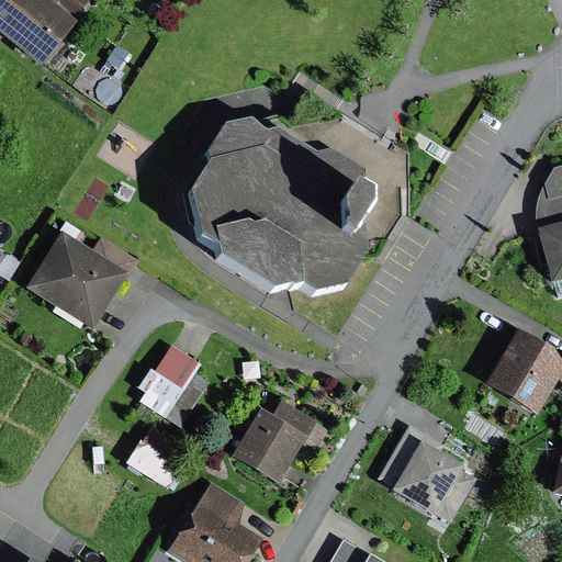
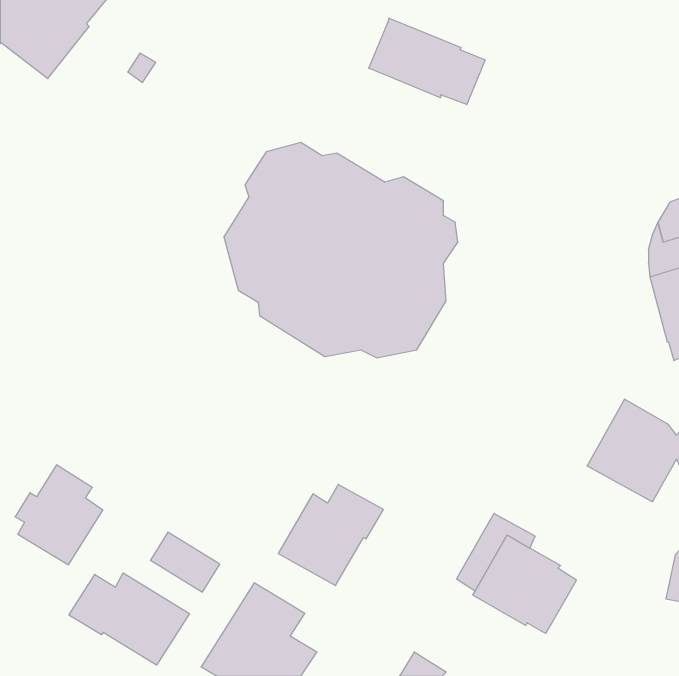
building: none -> [369,18,485,105]
building: [24,231,138,330] -> none
building: [137,345,210,427] -> [15,465,103,565]
building: none -> [69,573,189,665]

